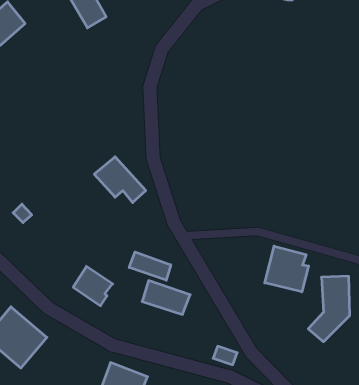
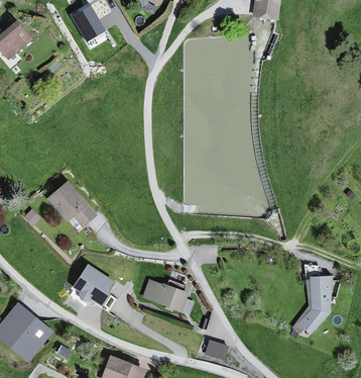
building: [94,157,146,203] -> [48,181,96,223]
building: [265,246,309,292] -> none
building: [129,252,171,280] -> none

